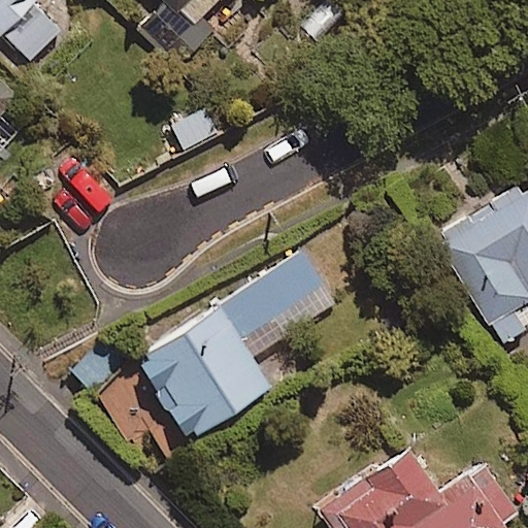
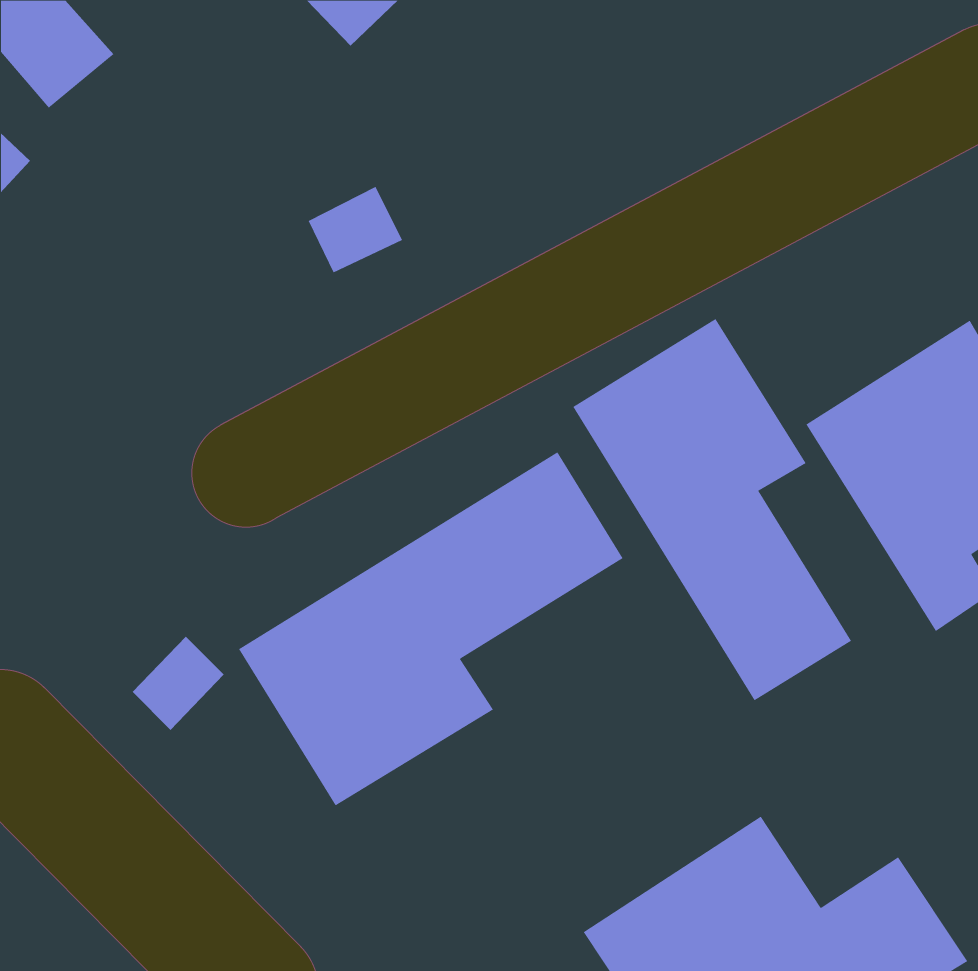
building: none -> [573,318,852,701]

